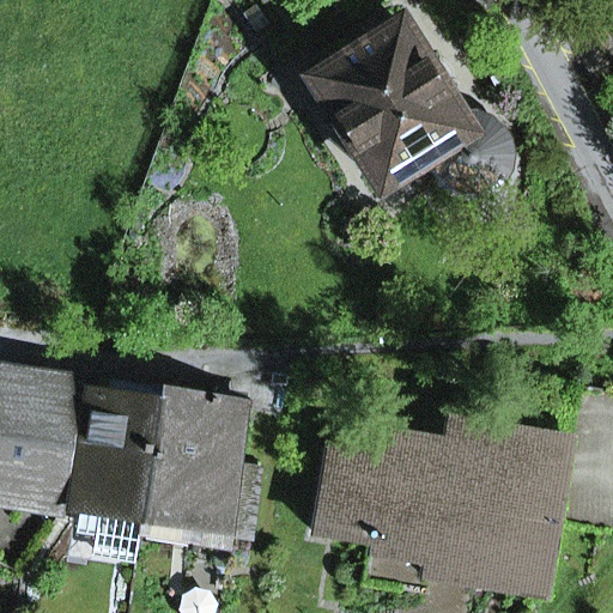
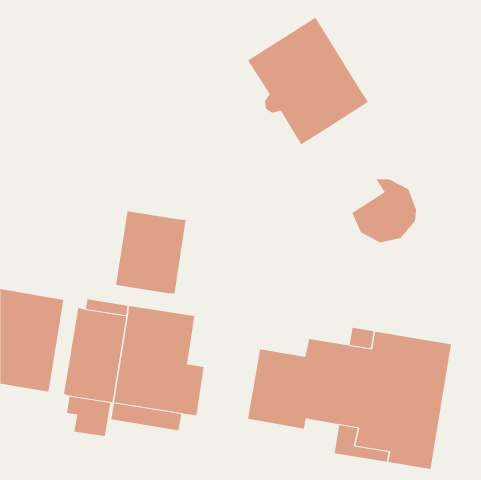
building: [427,113,510,194] -> [352,179,417,243]
building: none -> [115,210,186,294]

